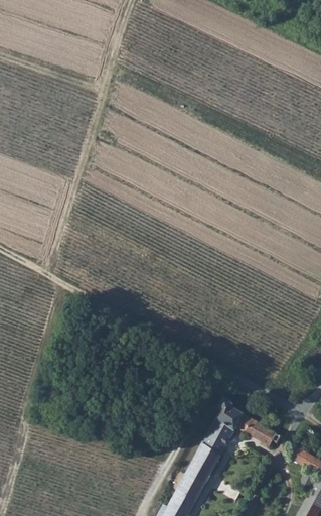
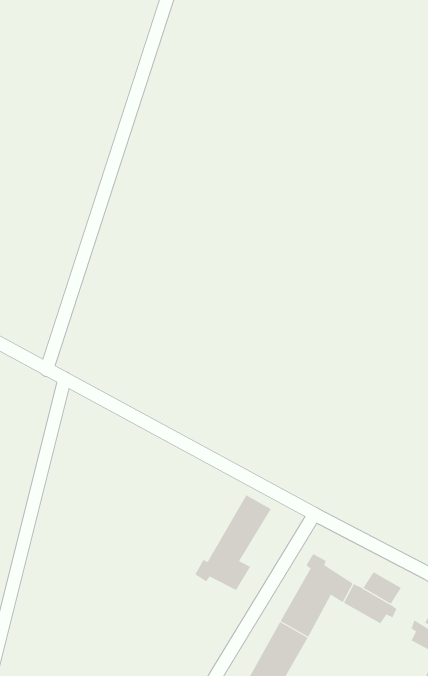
building: none -> [194,494,271,591]

